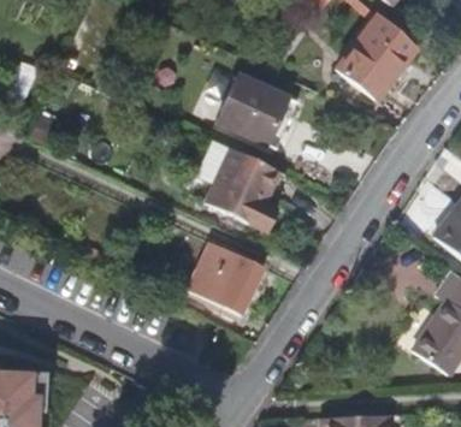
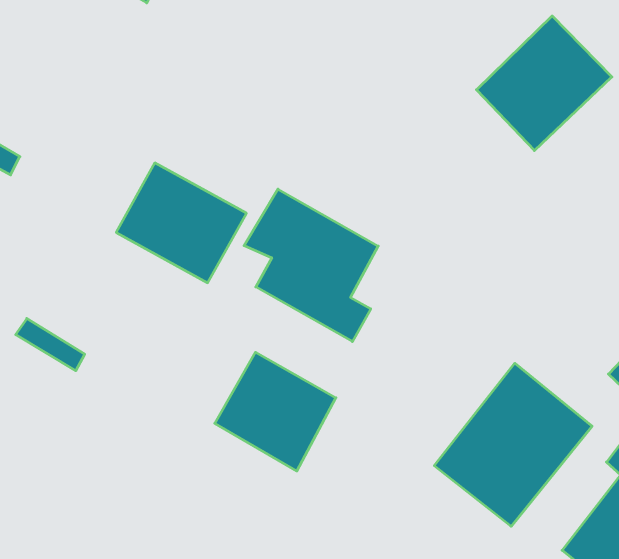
building: [226,83,307,155] -> [116,163,246,283]
building: none -> [434,363,592,526]

